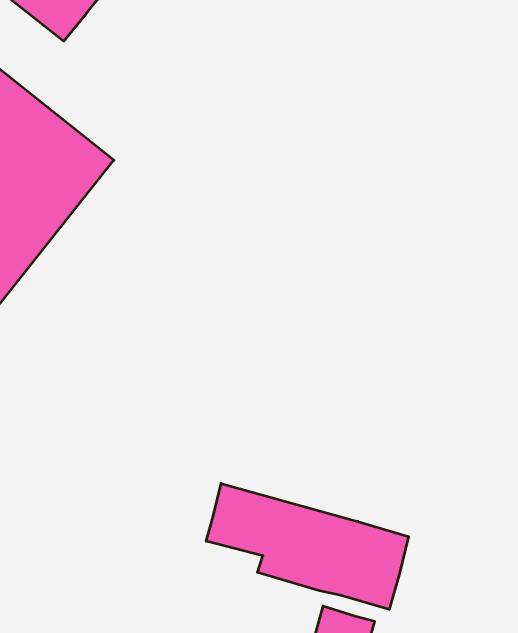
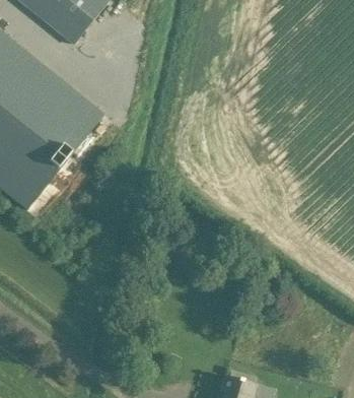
building: [206,483,409,609] -> none

